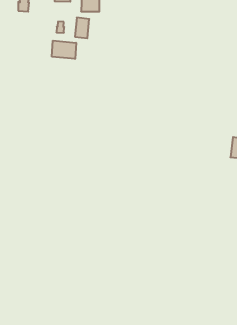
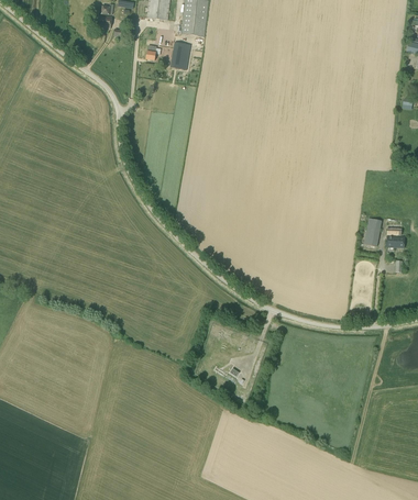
building: [52,41,76,59] -> none

